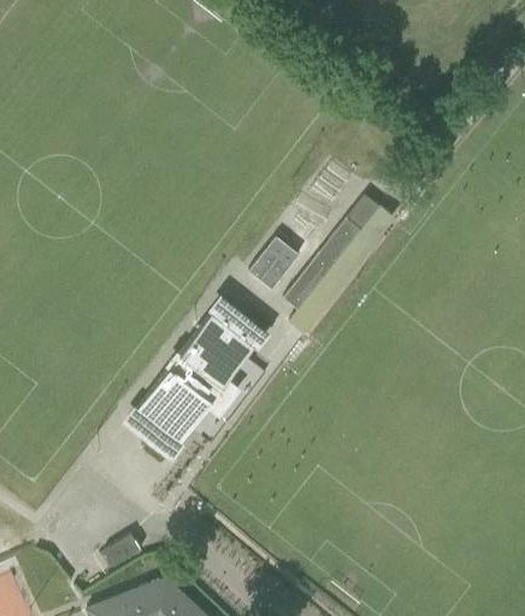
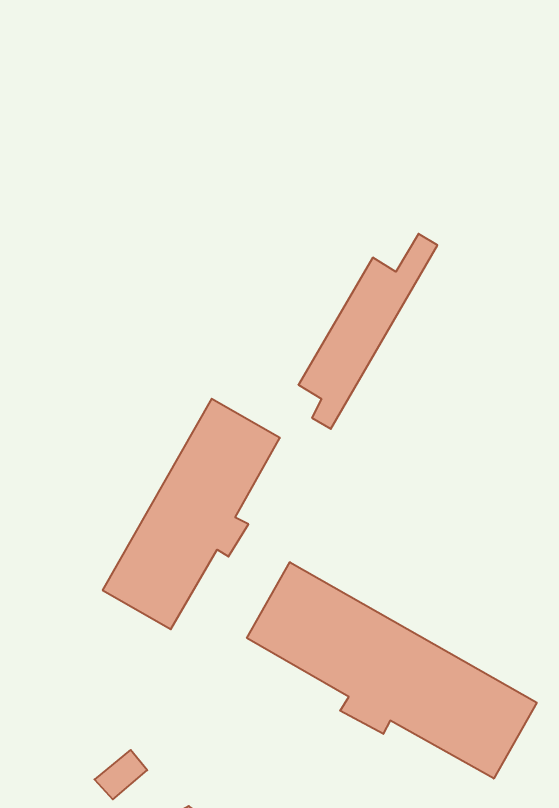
building: [249,236,299,288] -> none
building: none -> [247,562,537,779]

